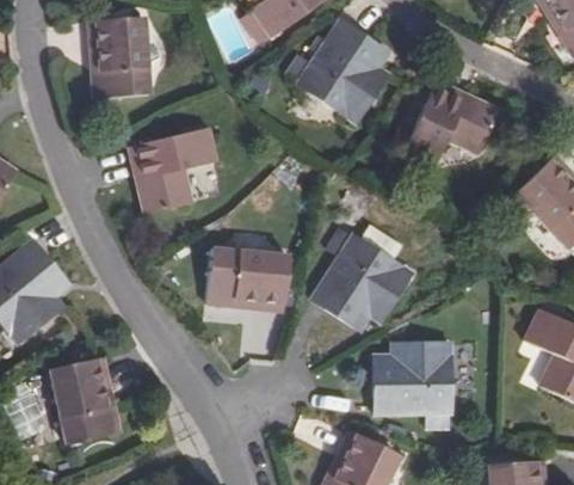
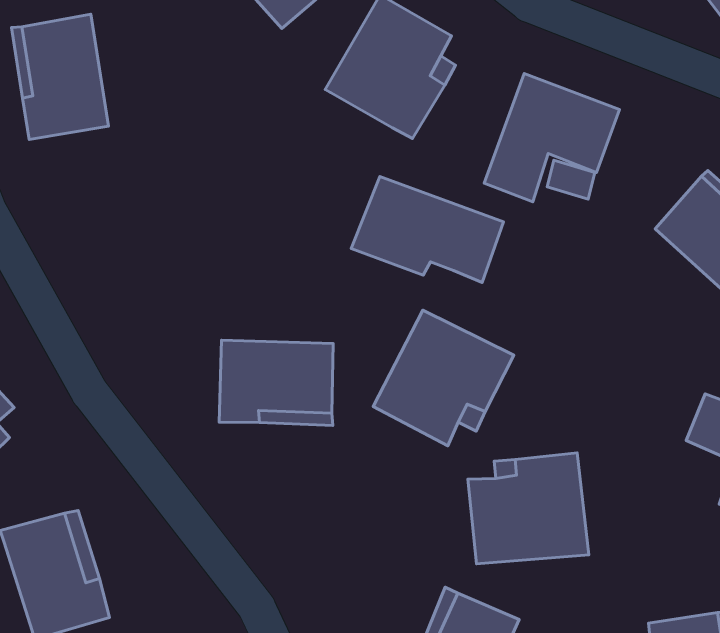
building: [128,127,215,213] -> none
building: none -> [351,177,503,282]

